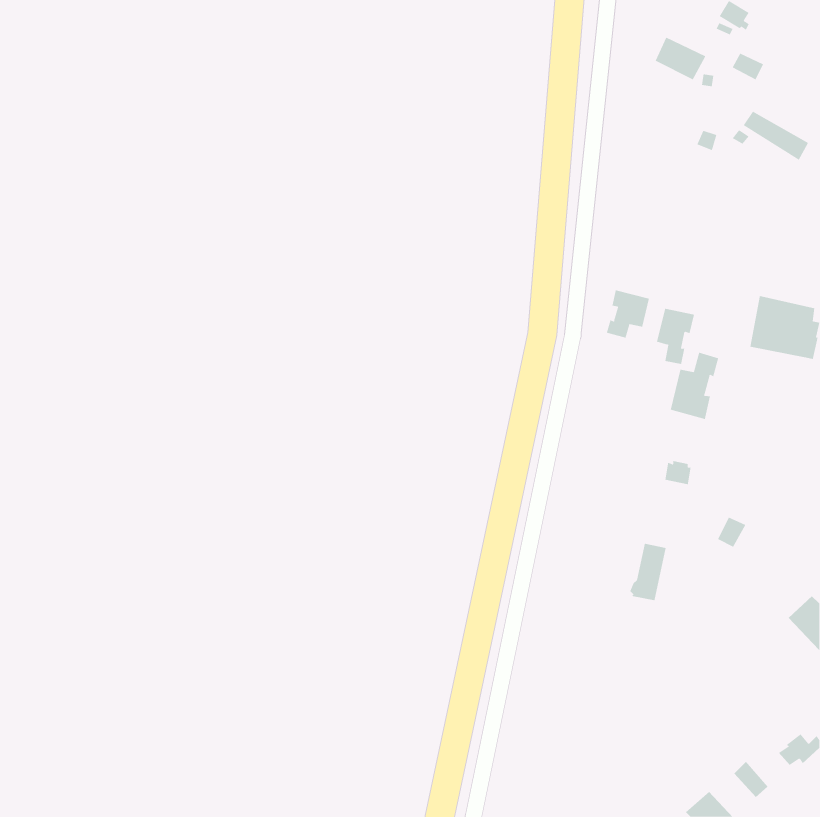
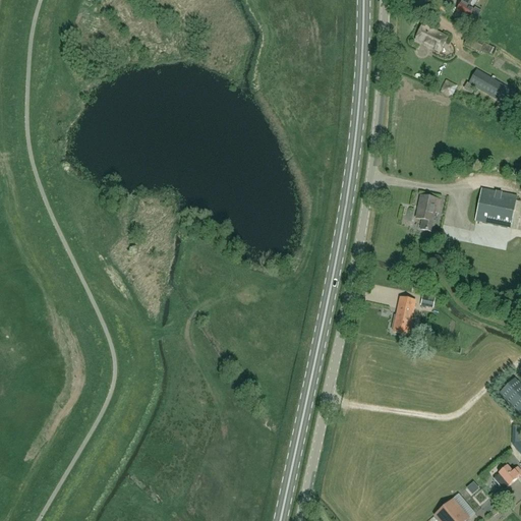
building: [606,289,650,339] -> none
building: [670,352,719,420] -> none
building: [630,543,667,601] -> [392,297,415,334]

